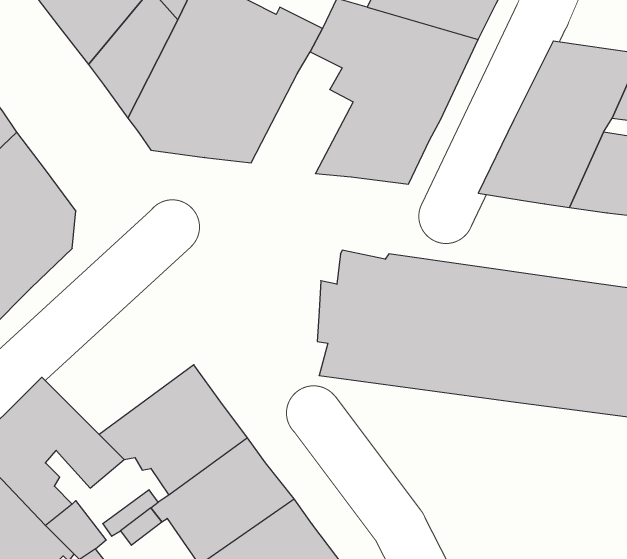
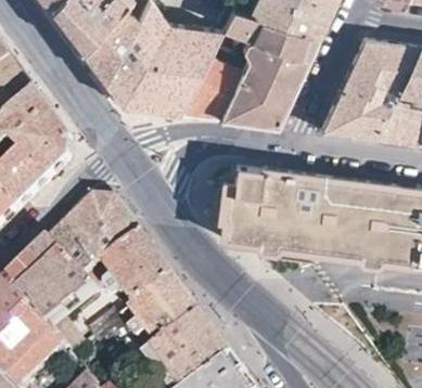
building: none -> [179,55,241,116]
building: none -> [52,197,144,274]

